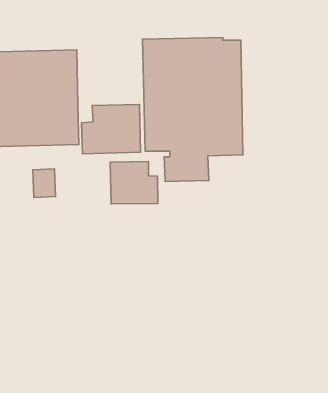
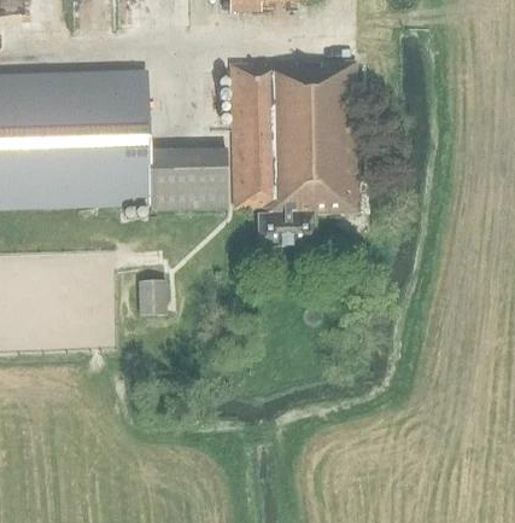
building: [110,162,158,204] -> none
building: [33,169,55,197] -> [137,278,166,314]

